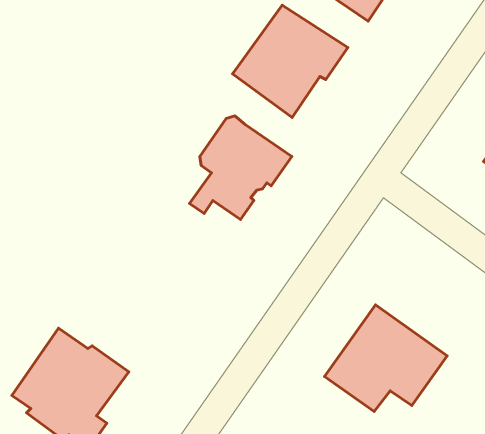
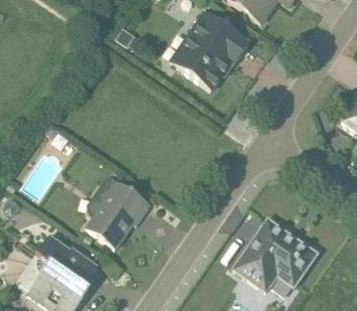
building: [190,116,292,220] -> [79,176,150,248]

